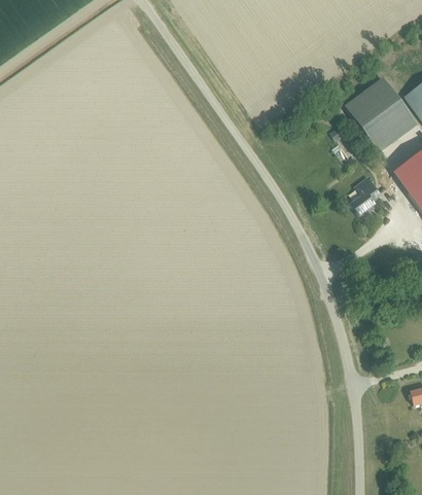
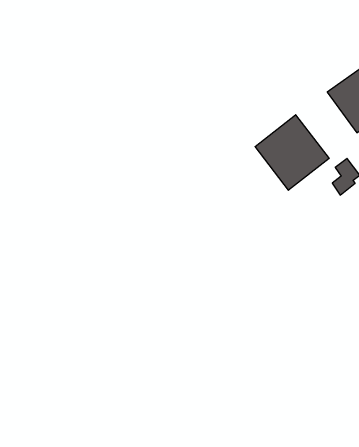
building: none -> [255,115,329,190]

